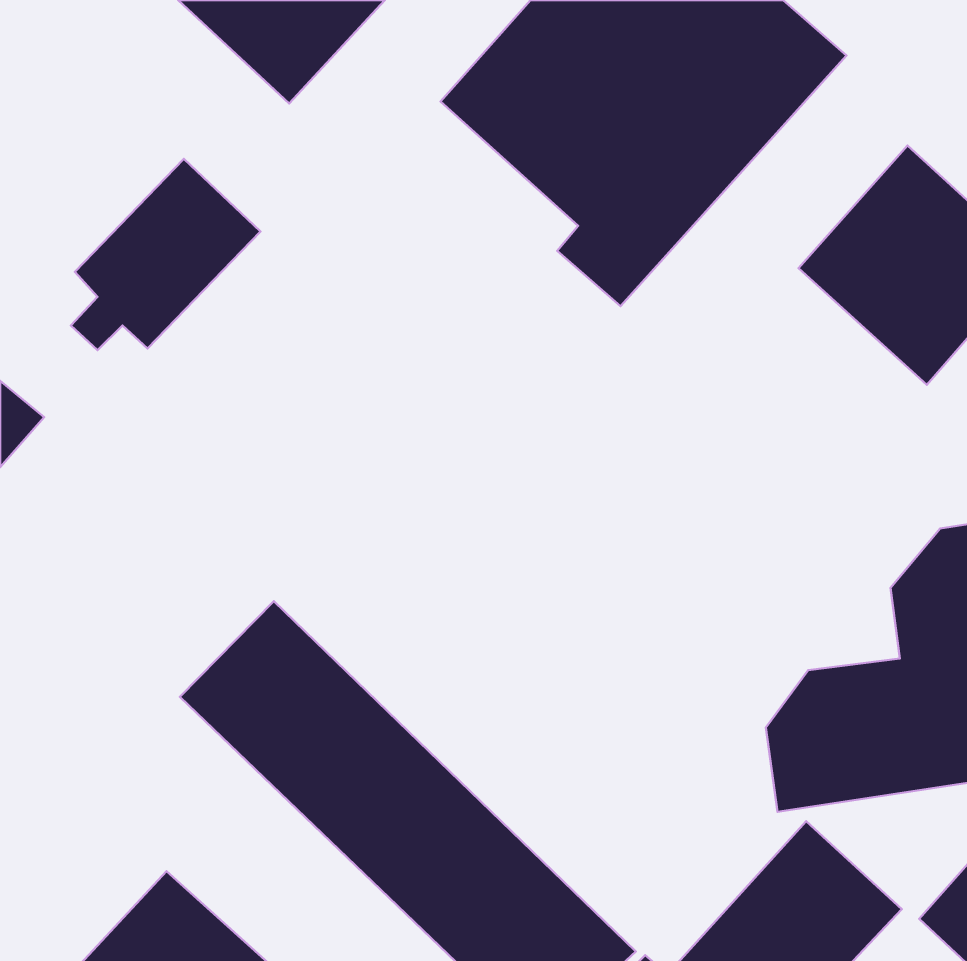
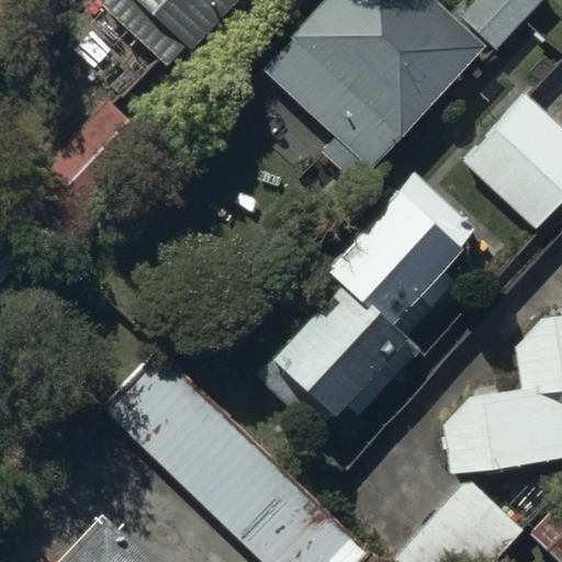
building: none -> [250,176,475,432]

